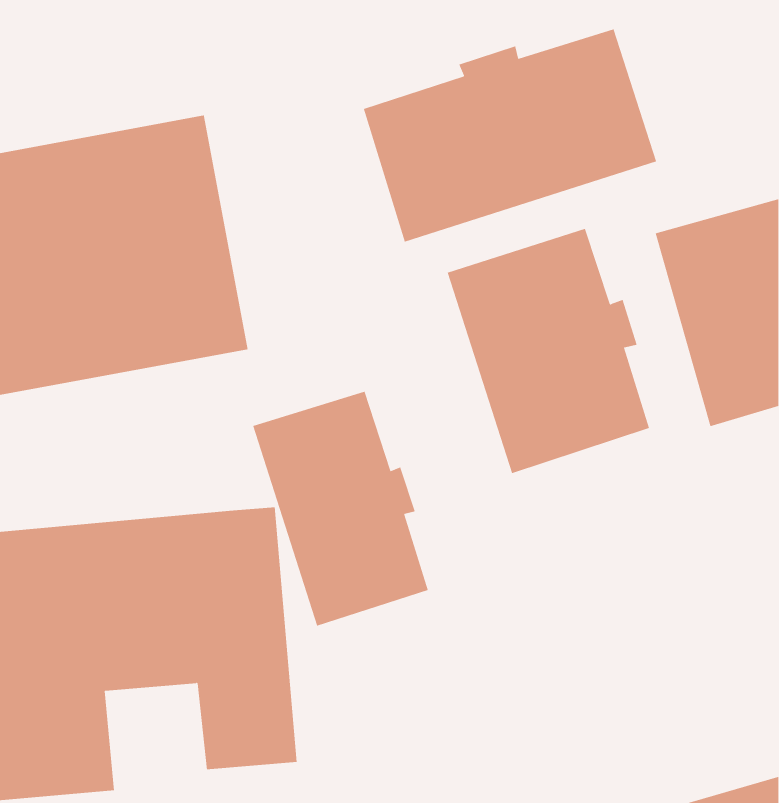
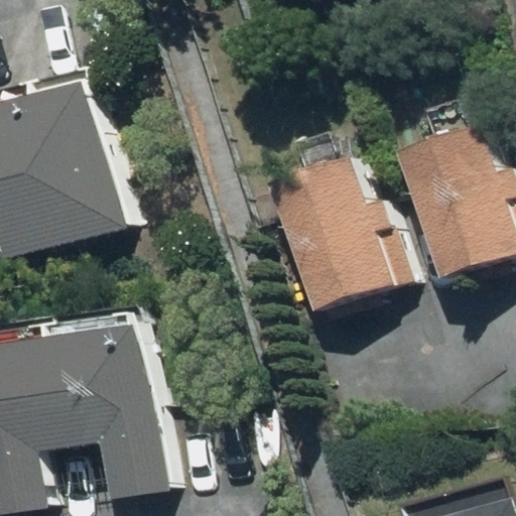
building: [363,29,657,242] -> none
building: [252,391,428,626] -> none

